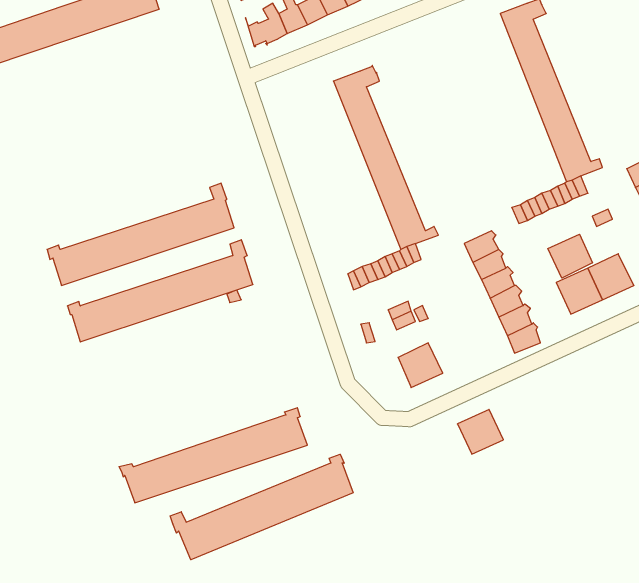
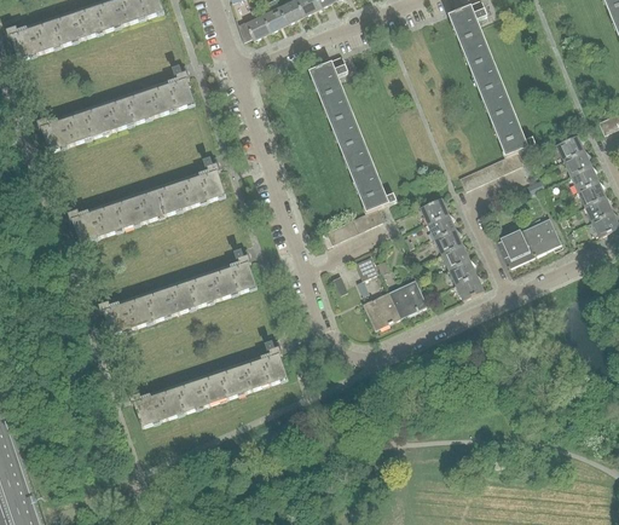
building: none -> [37,67,195,151]
building: [548,234,592,278] -> none
building: [67,240,253,342] -> [100,249,256,335]
building: [457,409,503,454] -> [389,279,428,317]
building: [170,454,353,560] -> none

